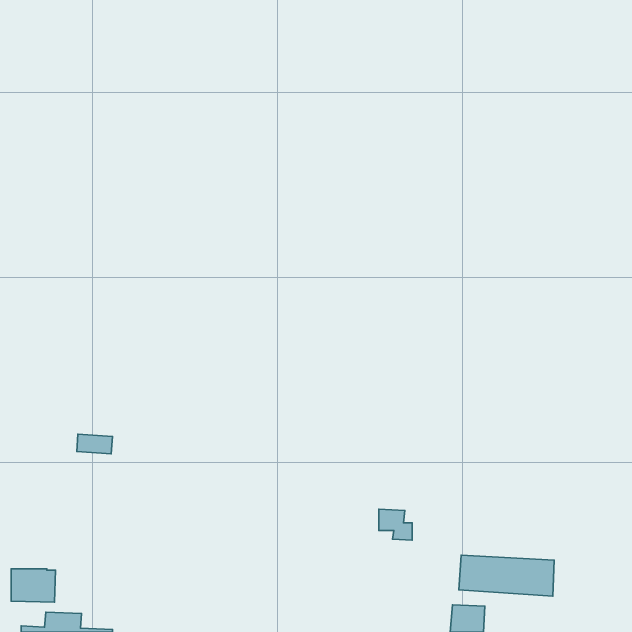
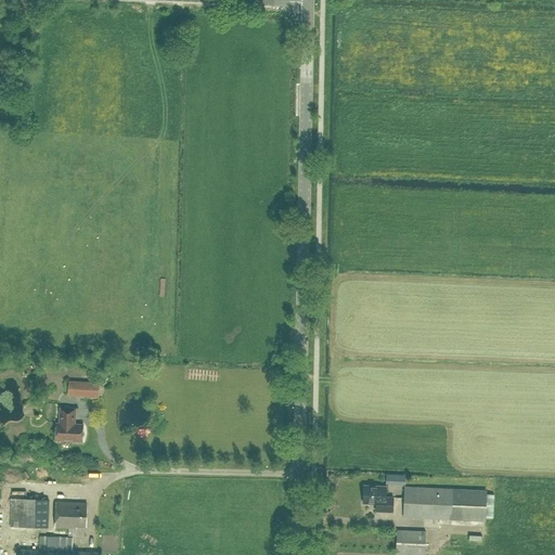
building: none -> [55,408,82,442]
building: [379,509,412,540] -> [363,486,392,513]
building: none -> [54,502,87,529]

